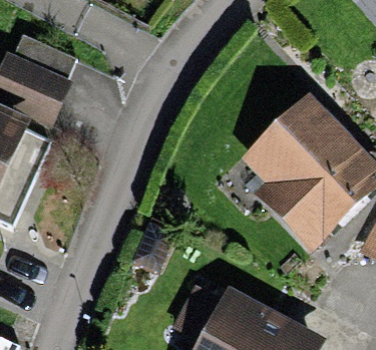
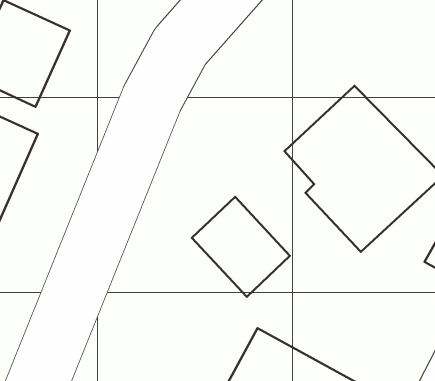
building: none -> [192,197,290,297]

